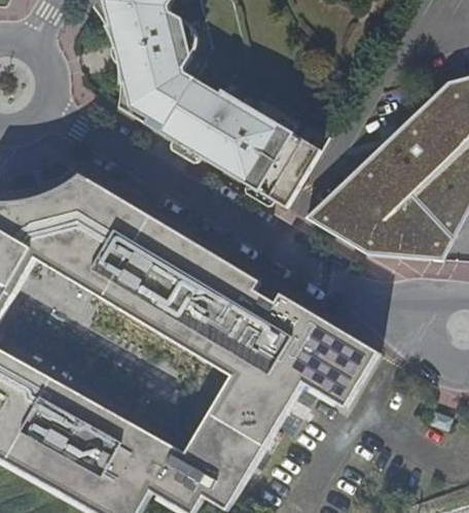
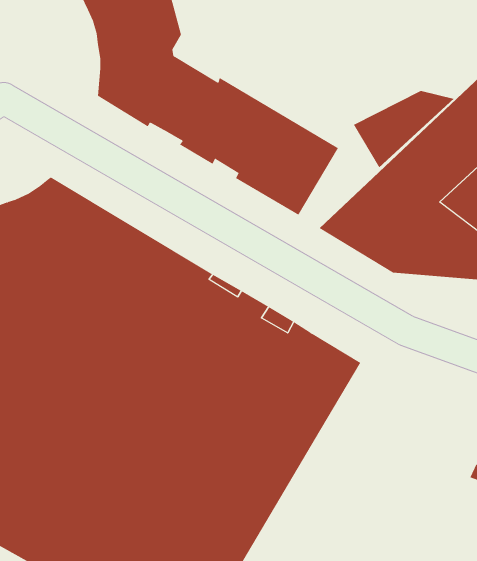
building: none -> [353,90,455,168]
building: [306,329,380,409] -> none

